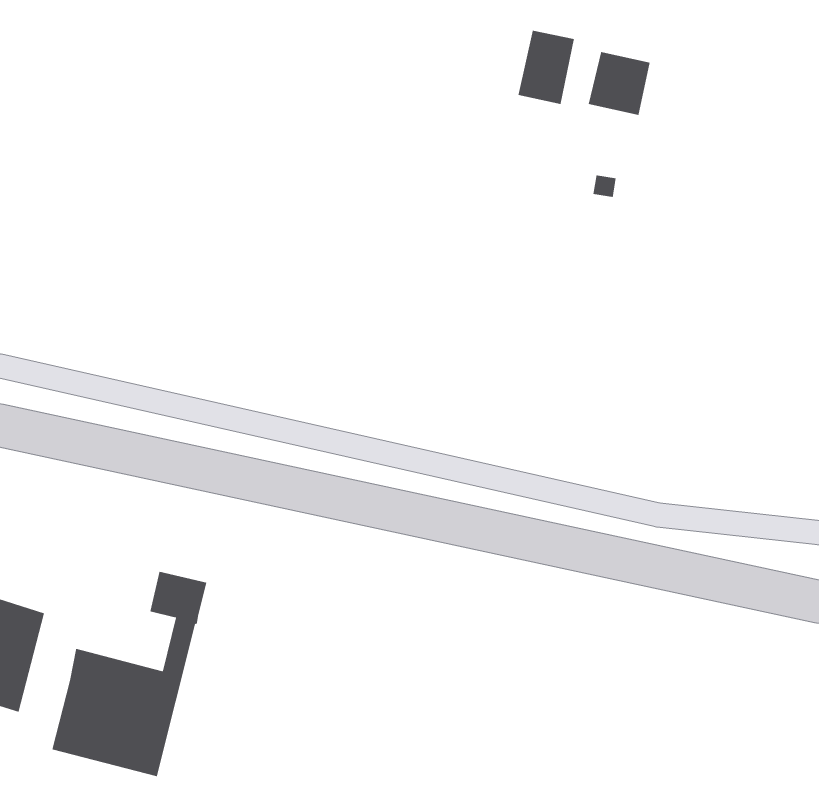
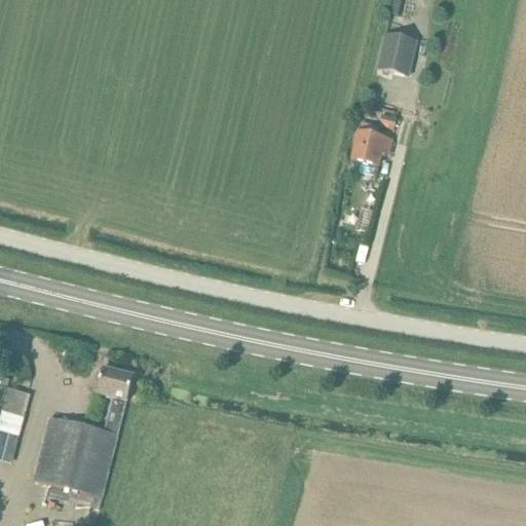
building: [518,30,574,105] -> none
building: none -> [351,119,390,164]

